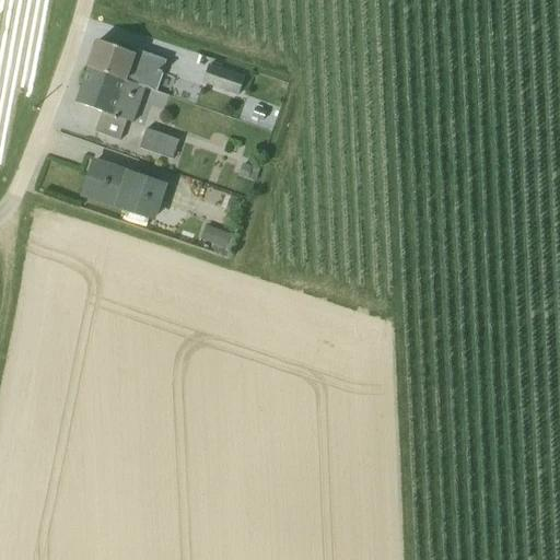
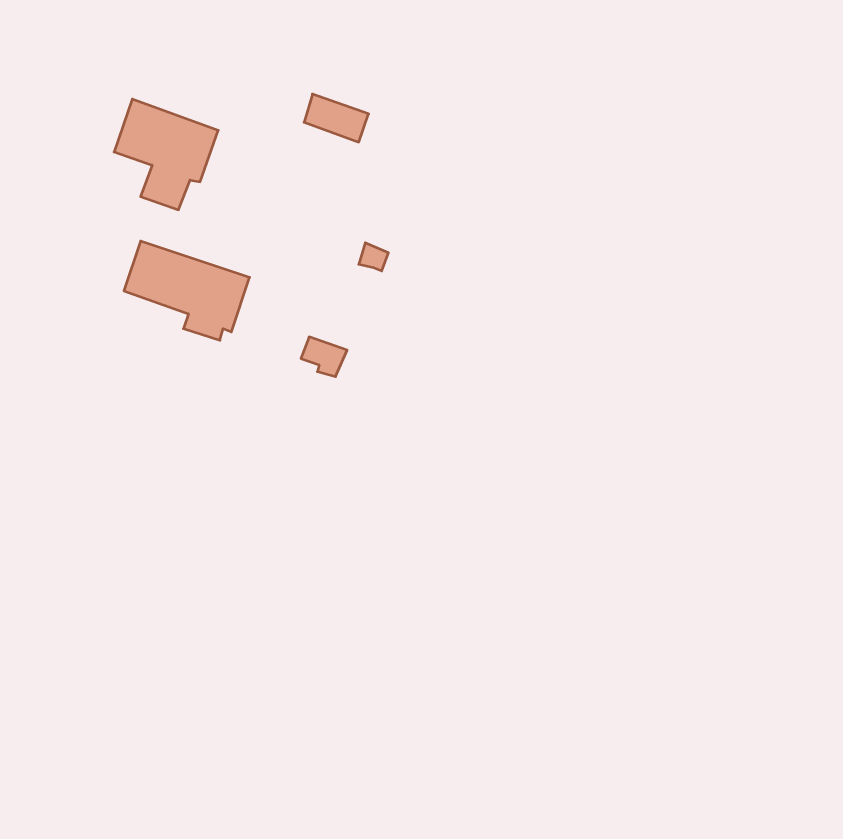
building: [89,39,166,89] -> none
building: [140,127,178,158] -> none

